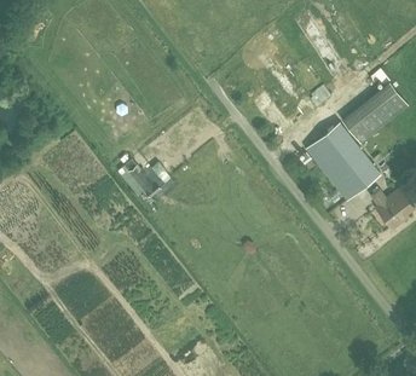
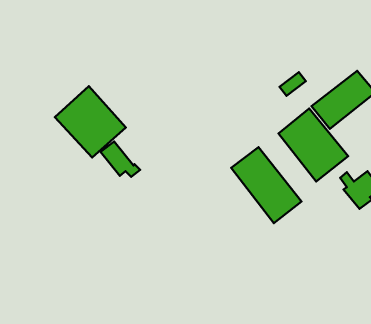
building: none -> [55,86,126,157]
building: none -> [231,147,302,223]

